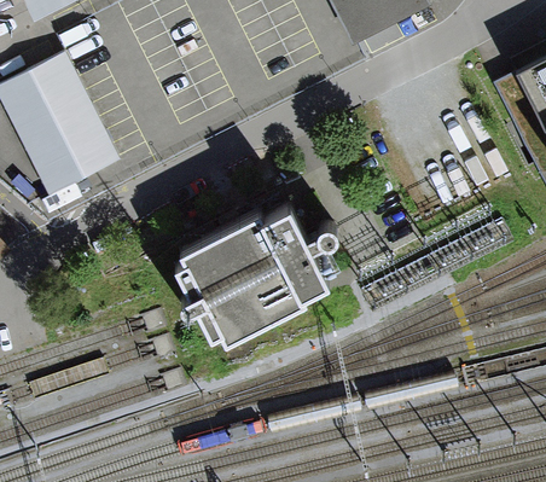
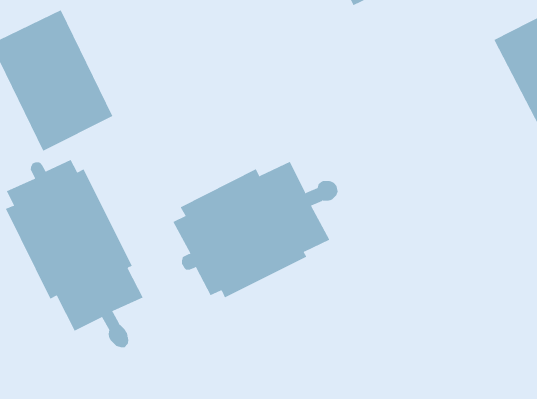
building: none -> [5,159,144,348]

